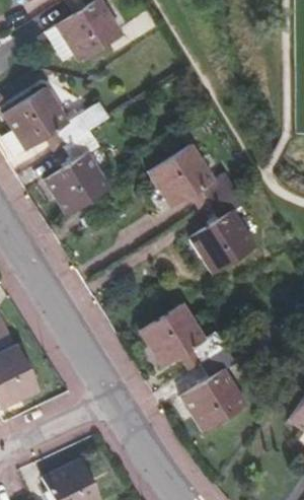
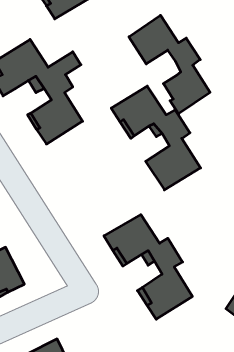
building: none -> [129,15,210,114]

